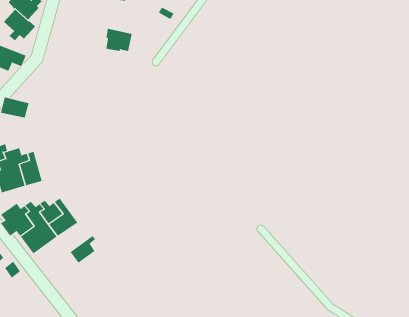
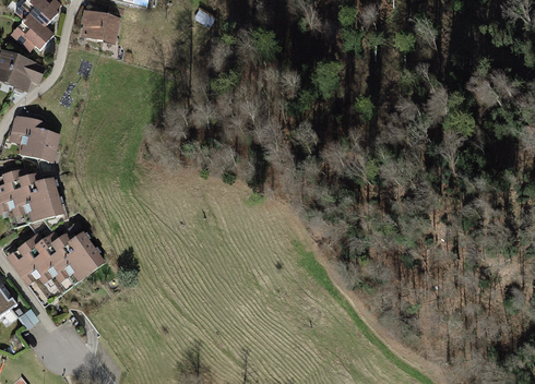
building: [105,28,133,52] -> [86,11,118,38]
building: none -> [19,130,59,160]
building: [70,235,96,263] -> none

